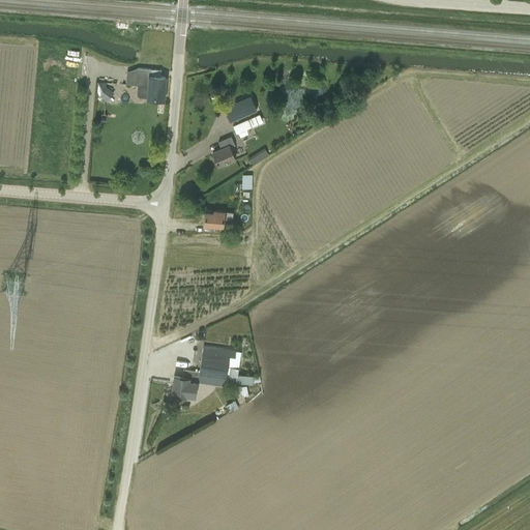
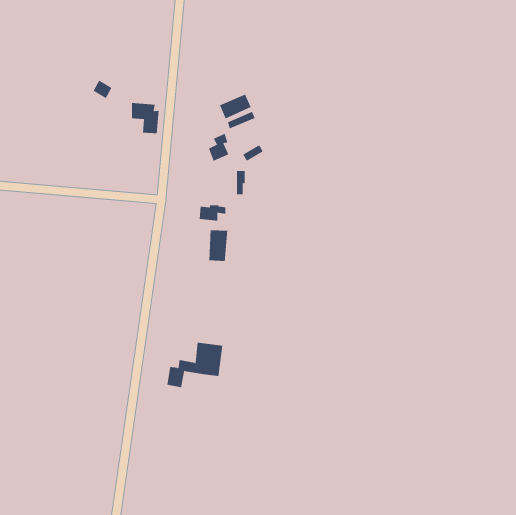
building: [137,69,166,101] -> [131,102,159,134]
building: none -> [209,229,228,262]

